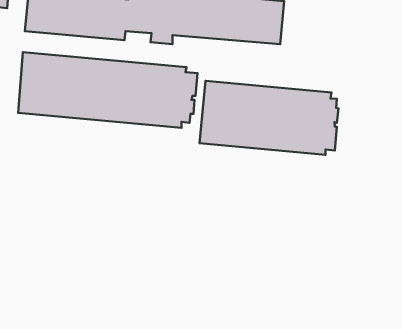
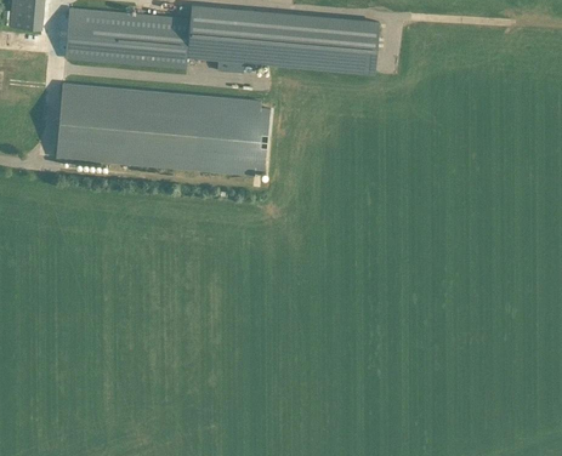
building: [199,81,338,155] -> none

